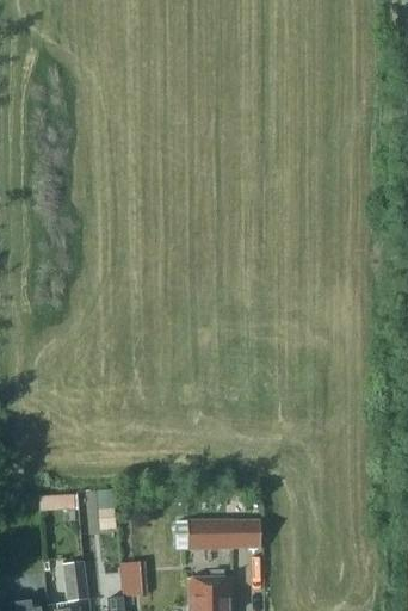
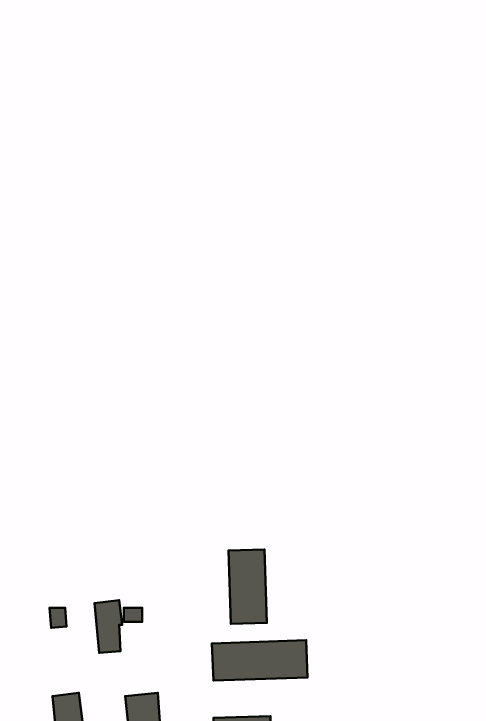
building: none -> [229,550,267,624]

